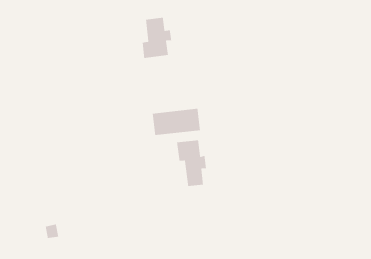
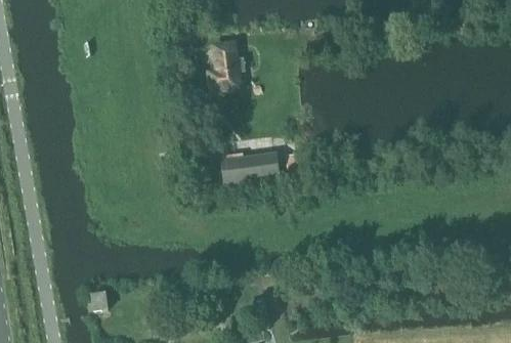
building: [176,139,207,187] -> none

